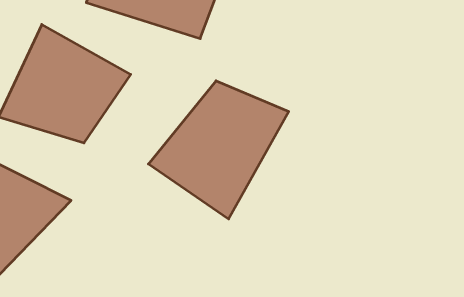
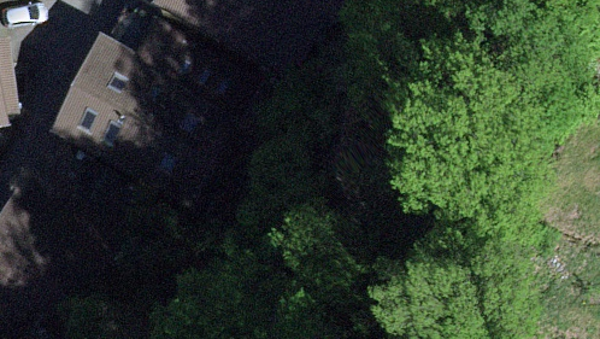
building: [148,81,289,219] -> none

